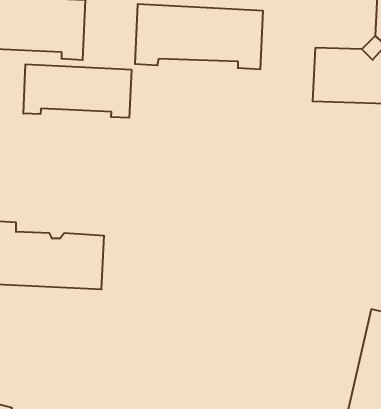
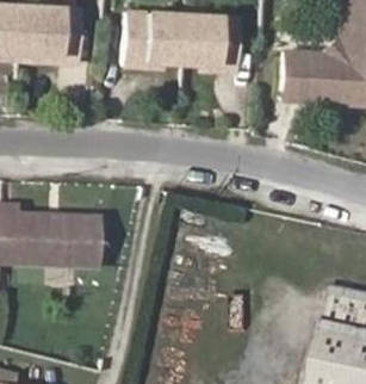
building: [23,64,131,118] -> none

